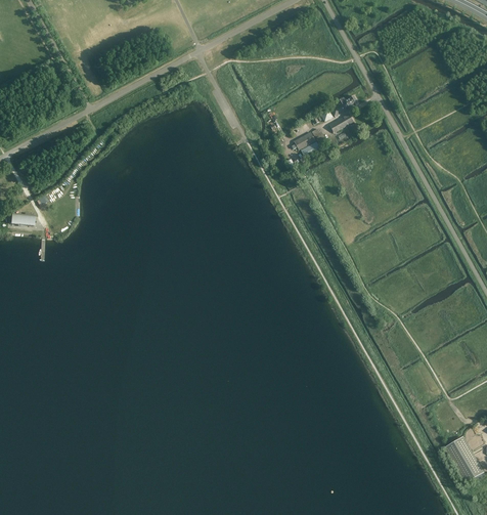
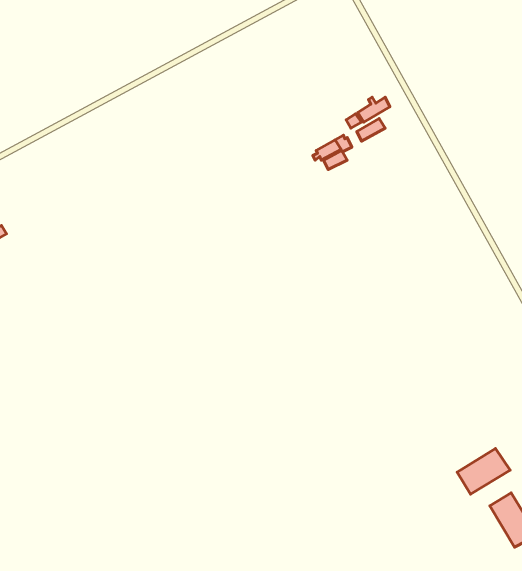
building: none -> [457,449,510,494]

